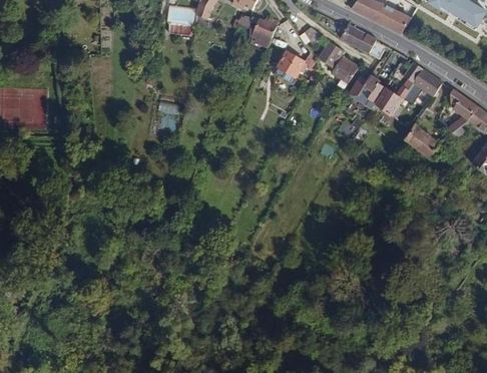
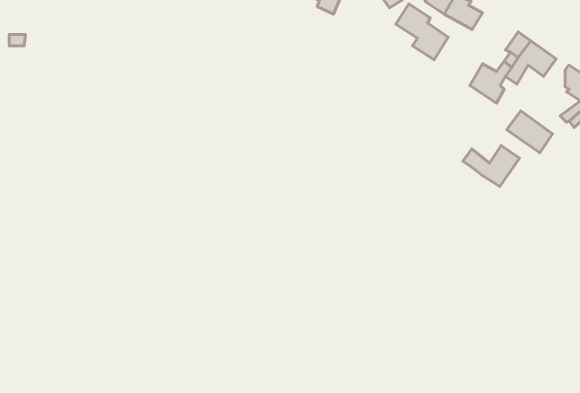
building: [276,50,316,78] -> none
building: [348,74,385,104] -> none
building: none -> [463,145,520,186]

